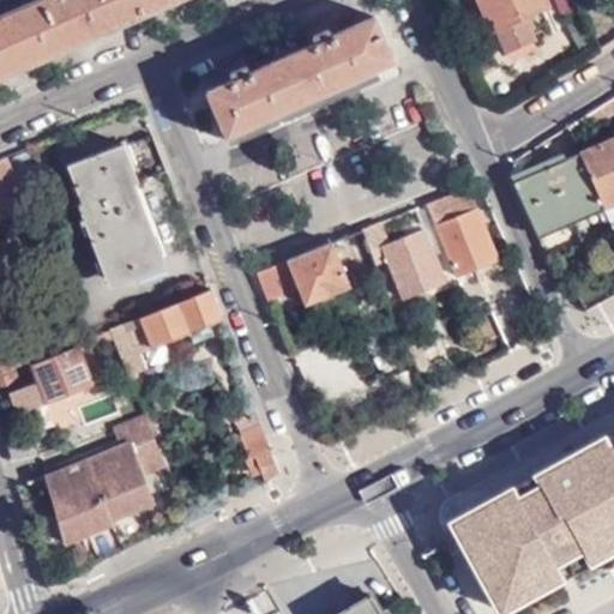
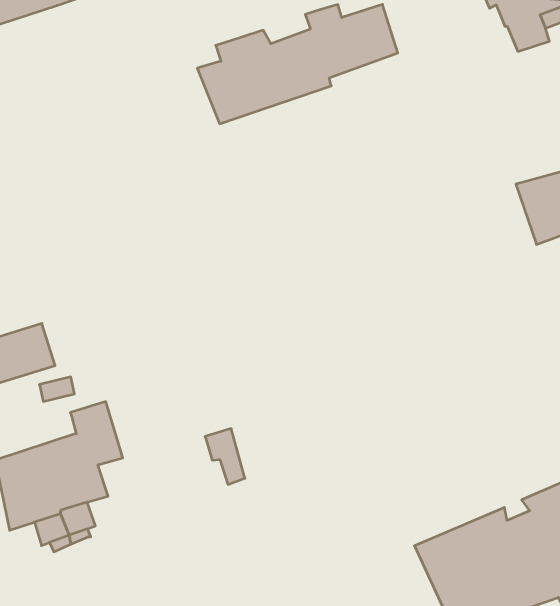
building: [68,146,168,281] -> none
building: [423,191,494,273] -> none
building: [361,221,441,296] -> none
building: [255,241,349,305] -> none
building: [112,291,223,375] -> none

